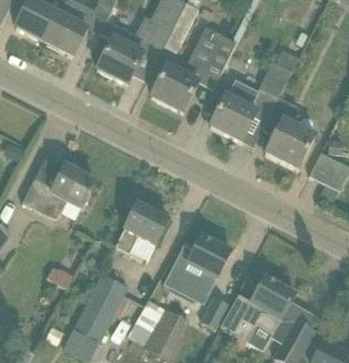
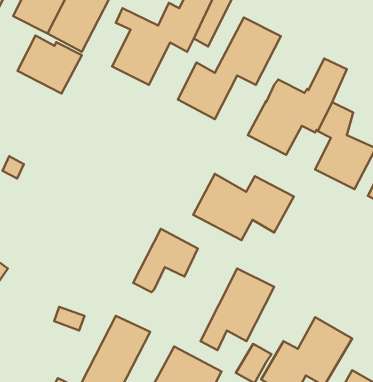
building: none -> [17,35,82,94]
building: none -> [193,174,294,240]
building: [23,166,95,216] -> none

